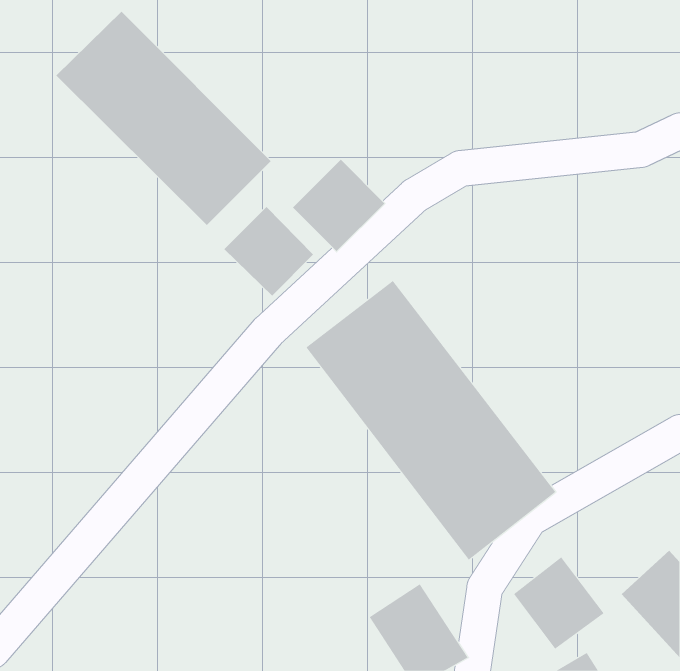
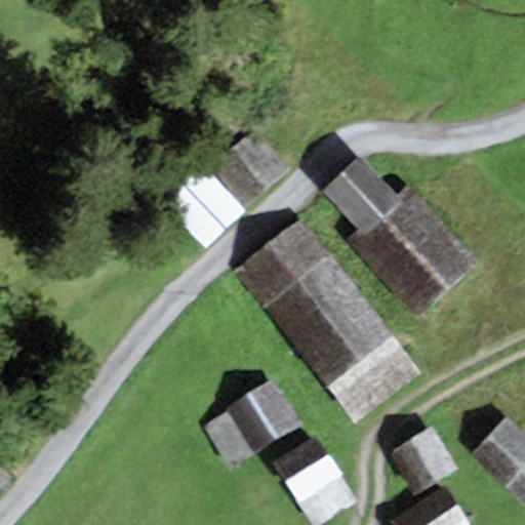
building: [56,11,271,226] -> none
building: none -> [328,166,484,326]
building: none -> [202,374,300,467]

